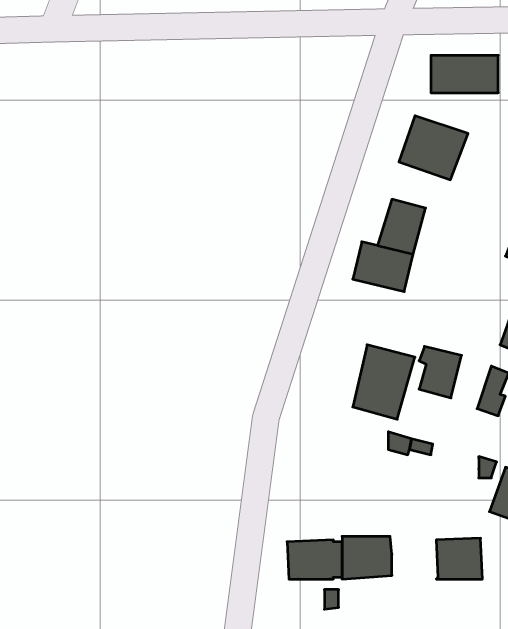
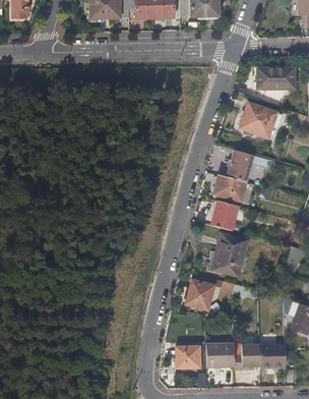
building: [419,346,462,398] -> [213,201,238,230]
building: none -> [184,278,213,310]
building: none -> [234,343,260,369]

